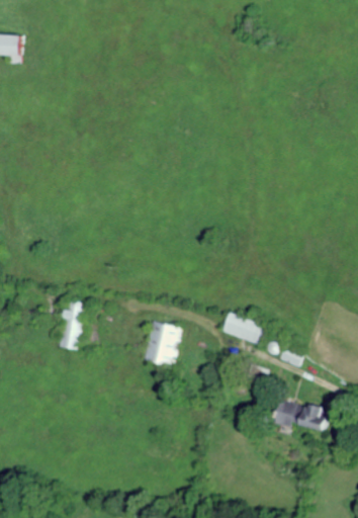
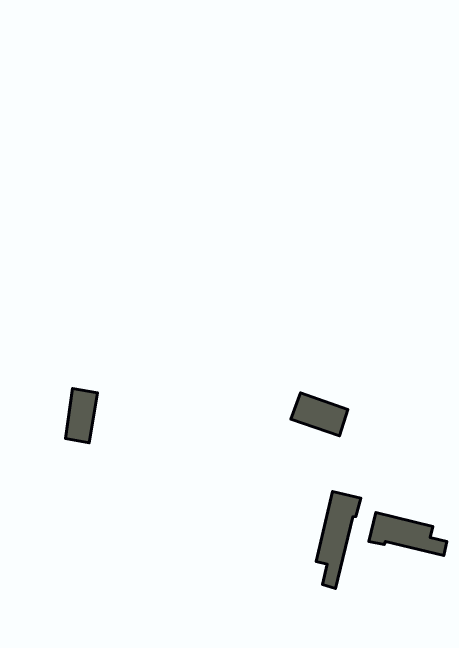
building: [142,320,179,364] -> none
building: none -> [316,492,361,588]

